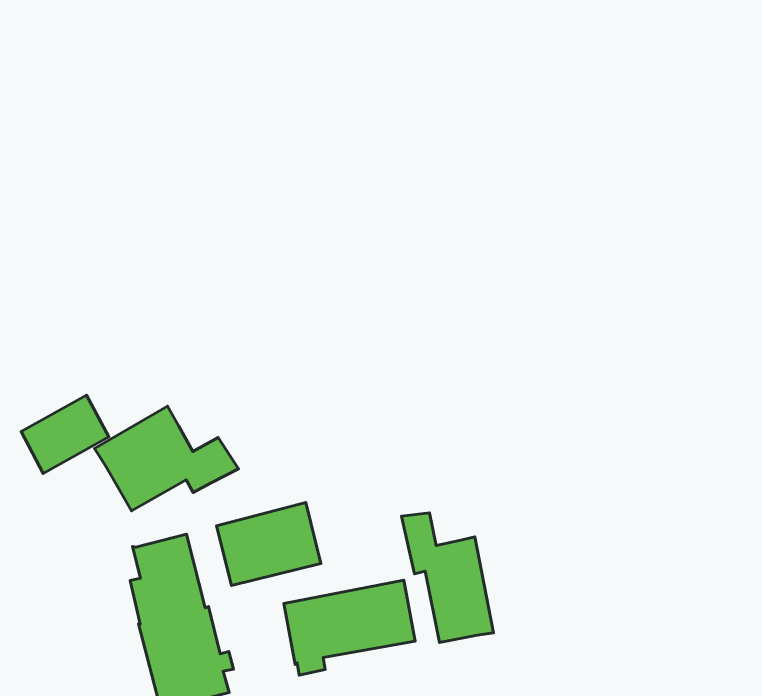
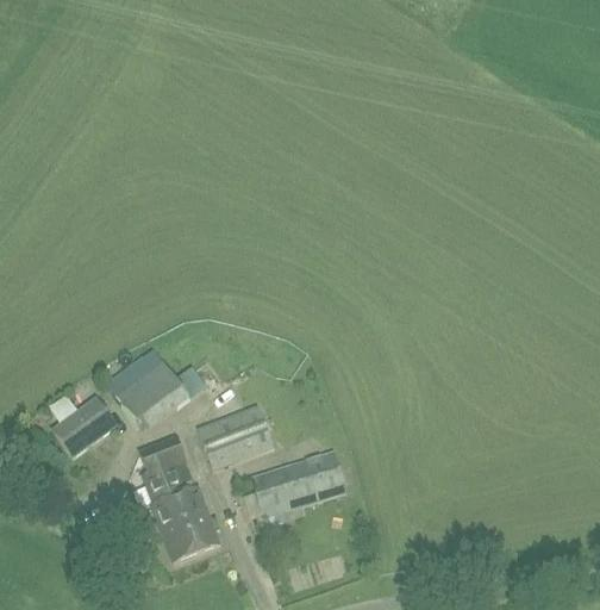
building: [21,395,109,473] -> [54,396,115,454]
building: [401,513,493,643] -> none

